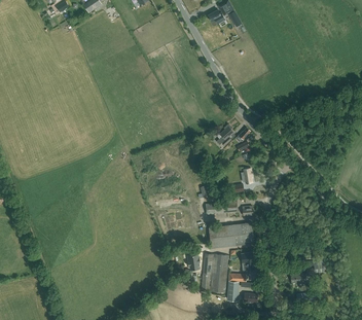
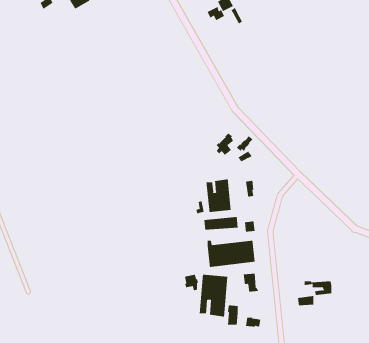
building: none -> [206,179,231,213]

